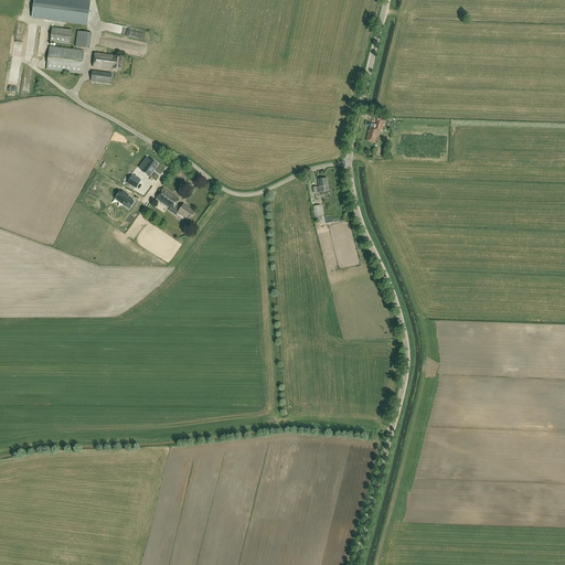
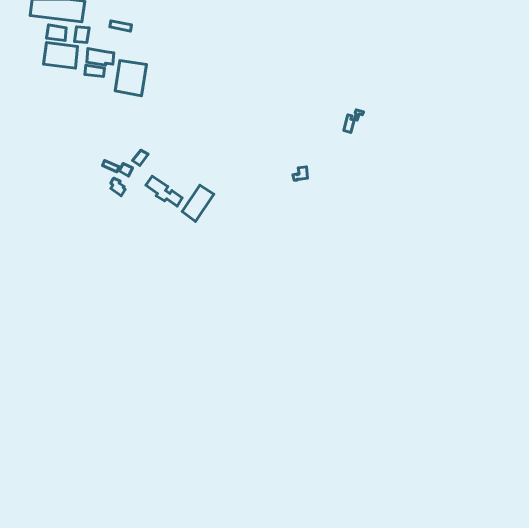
building: none -> [115,61,146,96]
building: none -> [182,185,214,221]

